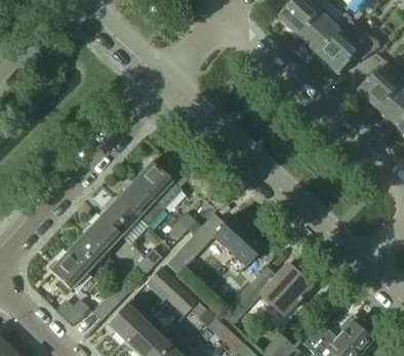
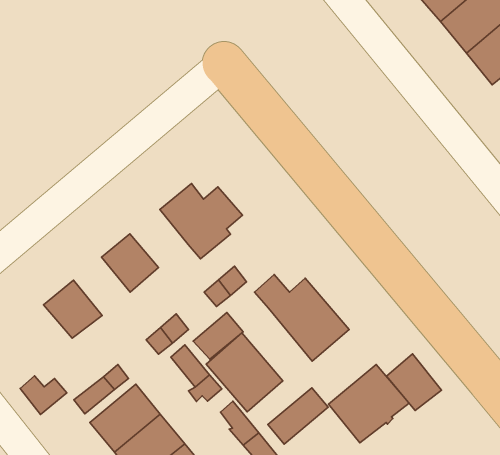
building: [116,182,164,228] -> none
building: [83,217,121,255] -> none
building: [48,253,87,291] -> none
building: none -> [386,354,441,411]
building: none -> [206,333,283,412]

